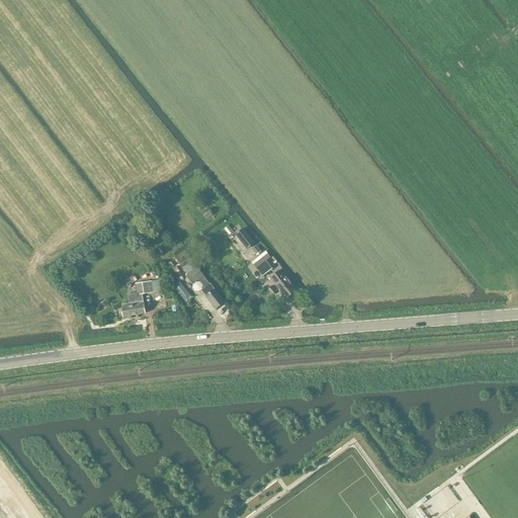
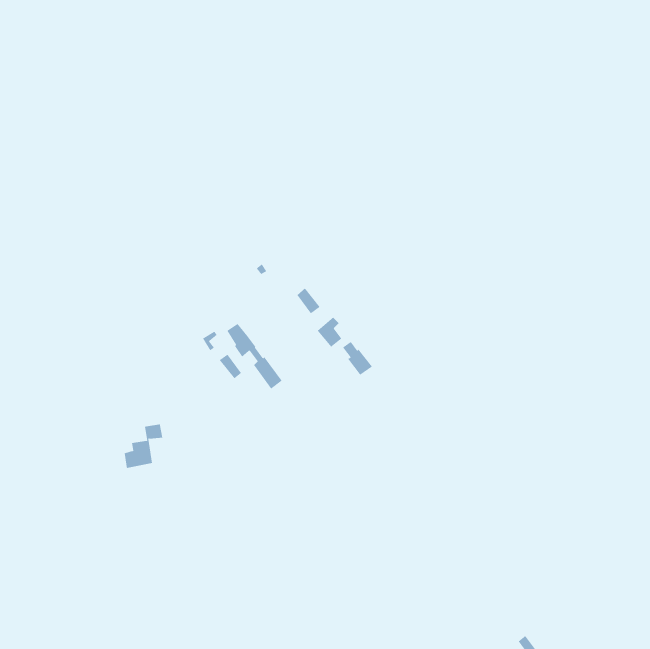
building: [121,282,153,318] -> [124,424,163,468]

